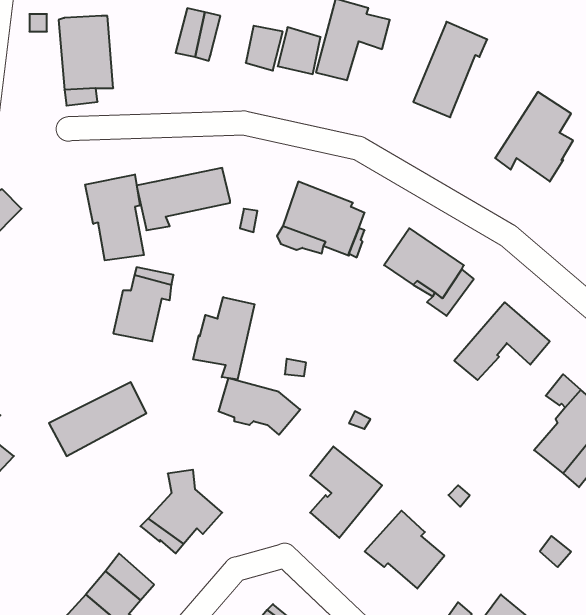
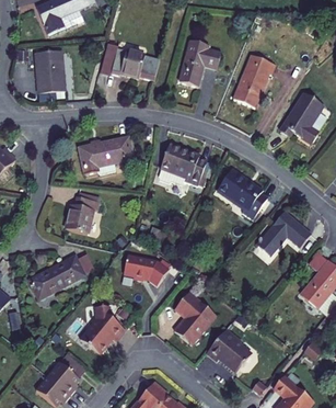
building: [278,27,321,74] -> [119,49,143,76]
building: [85,174,144,260] -> none
building: [193,297,255,380] -> none

